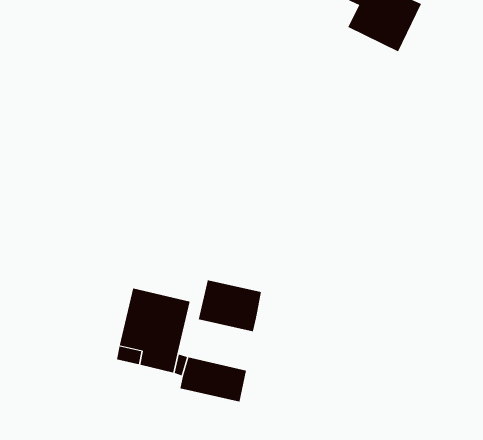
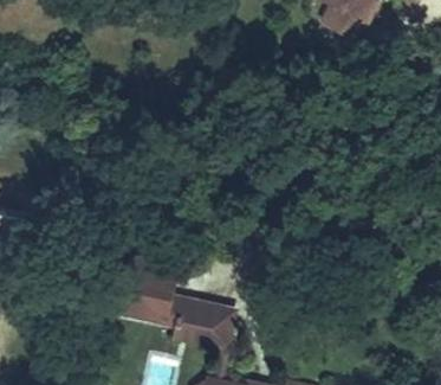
building: [198,280,262,332] -> none

